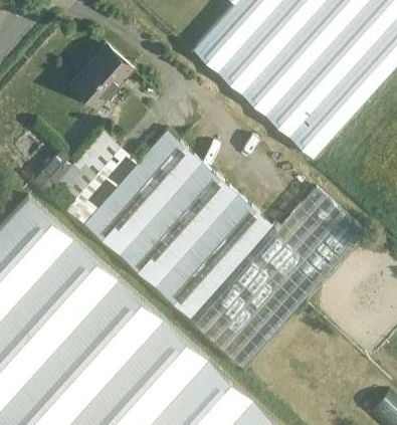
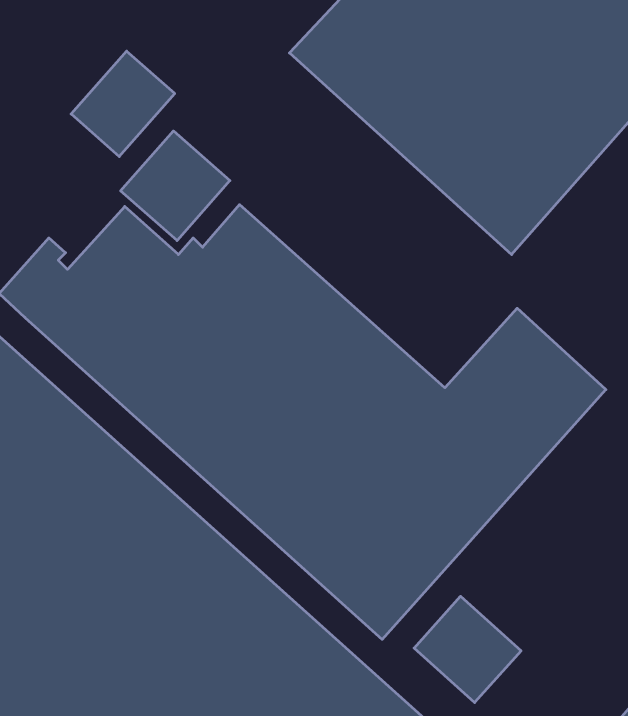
building: none -> [121,131,230,241]
building: none -> [414,596,521,703]

